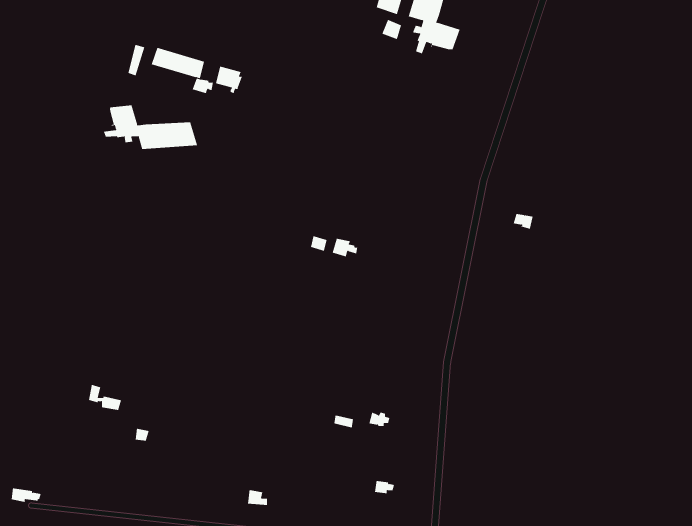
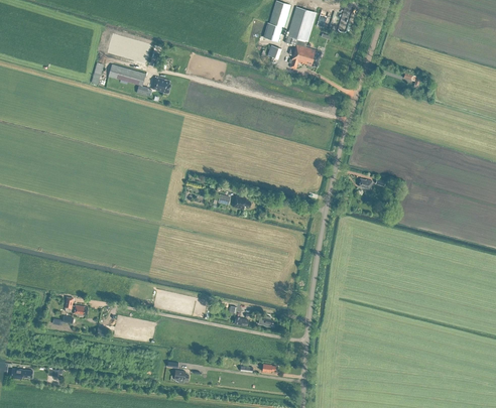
building: [103,104,198,150] -> none

